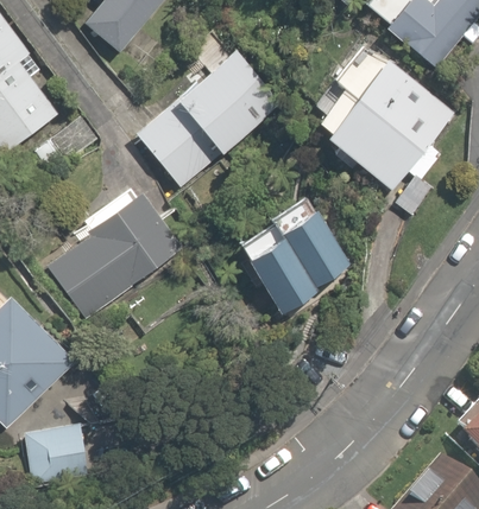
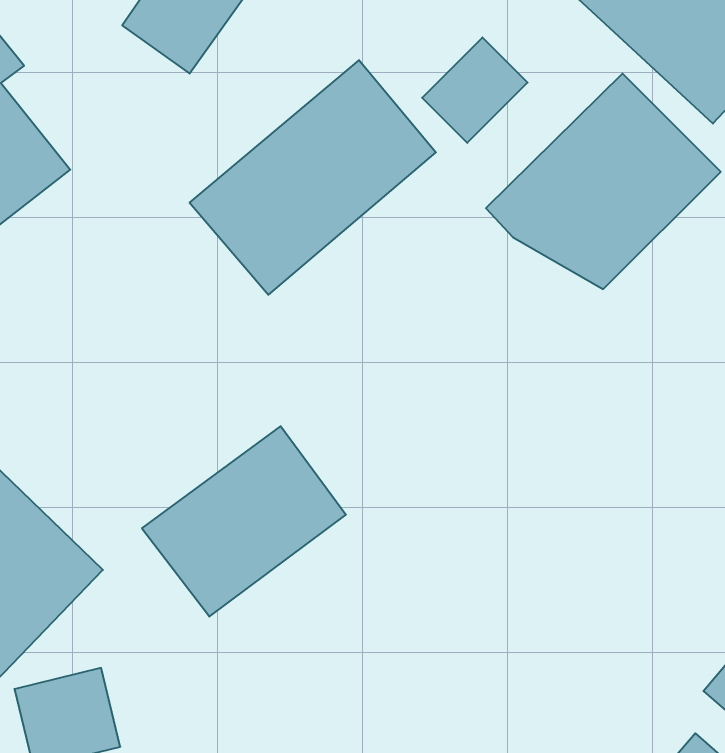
building: none -> [422,37,528,143]
building: [49,198,175,316] -> [142,426,346,617]
building: [234,203,351,316] -> none

